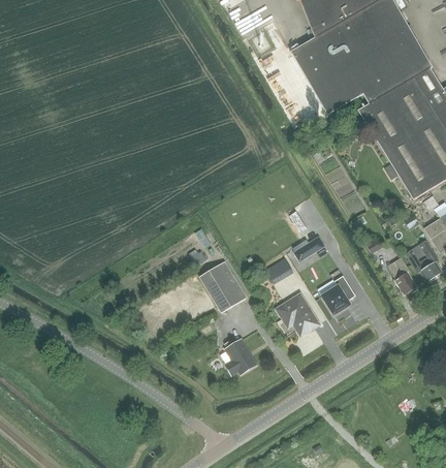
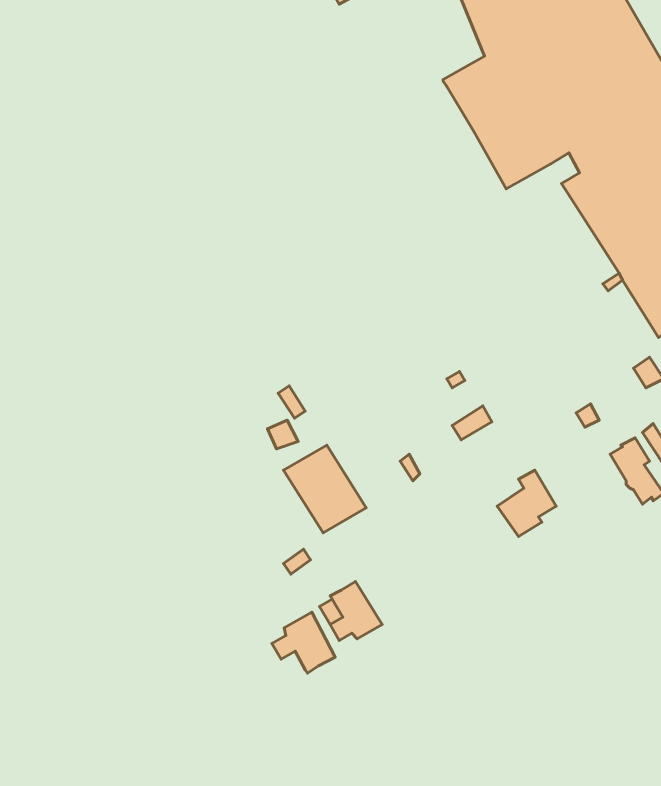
building: [280,294,322,335] -> none
building: none -> [272,612,335,673]

